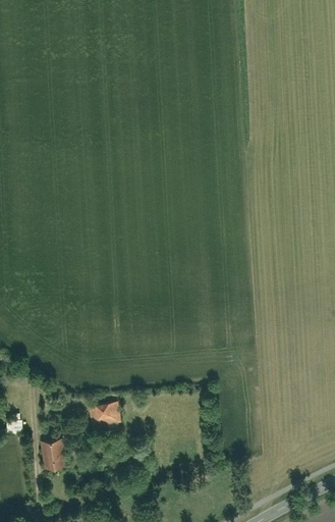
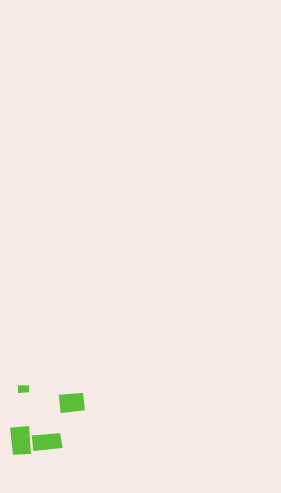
building: none -> [31,432,63,452]

